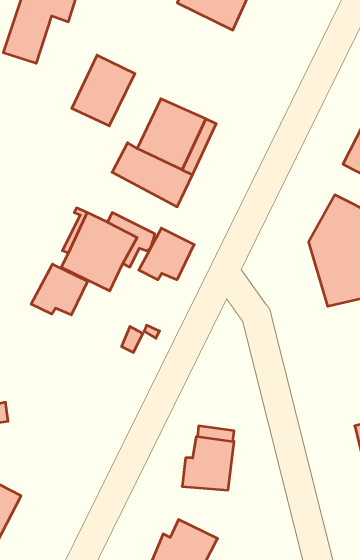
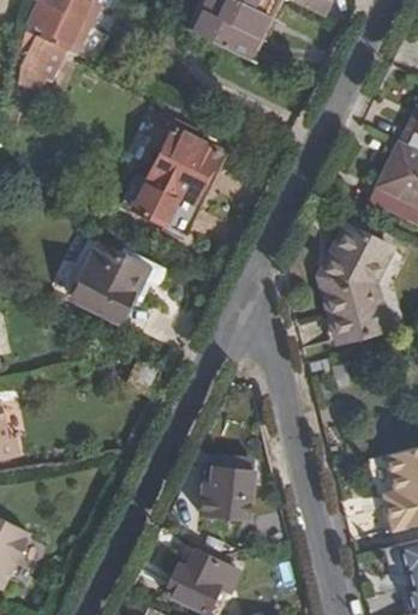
building: [72,55,135,126] -> none
building: [139,228,194,280] -> none
building: [31,264,88,315] -> none

